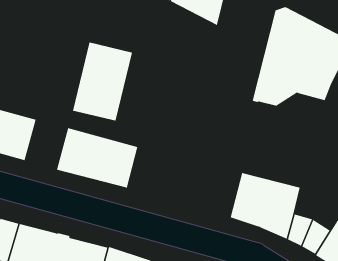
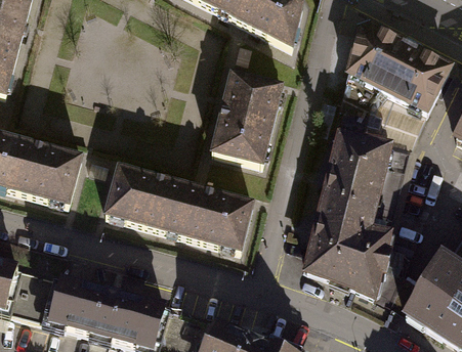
building: [72,42,133,121] -> [212,72,283,164]
building: none -> [321,125,418,234]
building: none -> [188,187,254,250]

